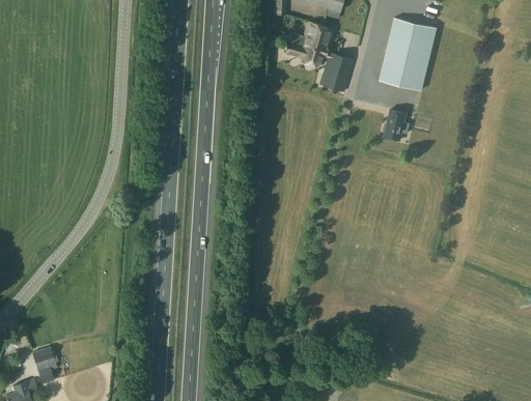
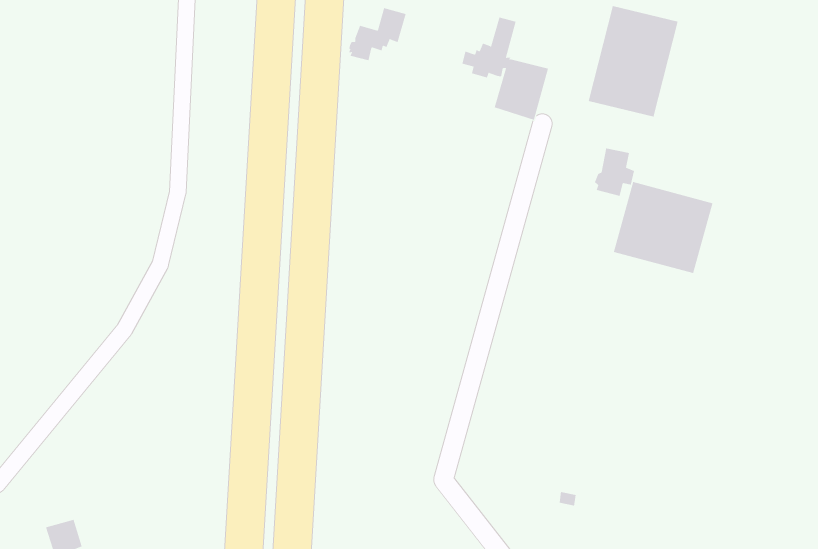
building: [284,22,322,56] -> [348,7,406,61]
building: none -> [613,181,713,274]

